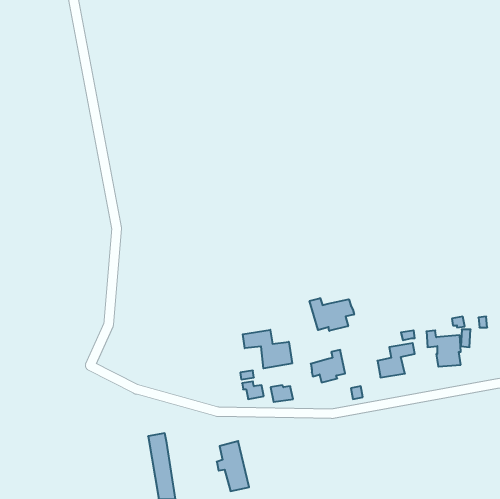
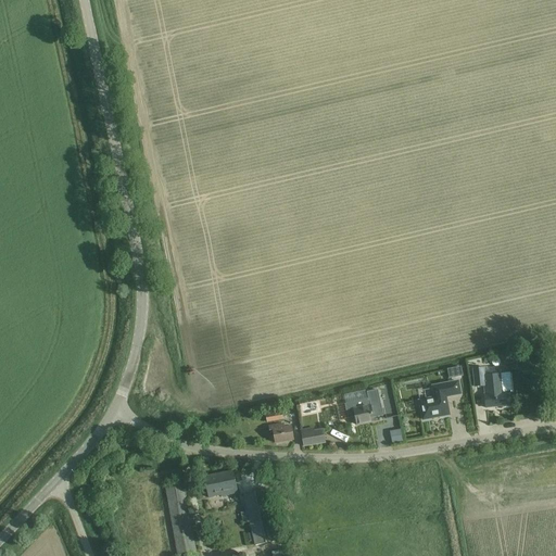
building: [310,298,354,331] -> none
building: [243,330,292,368] -> none
building: none -> [203,470,237,496]

